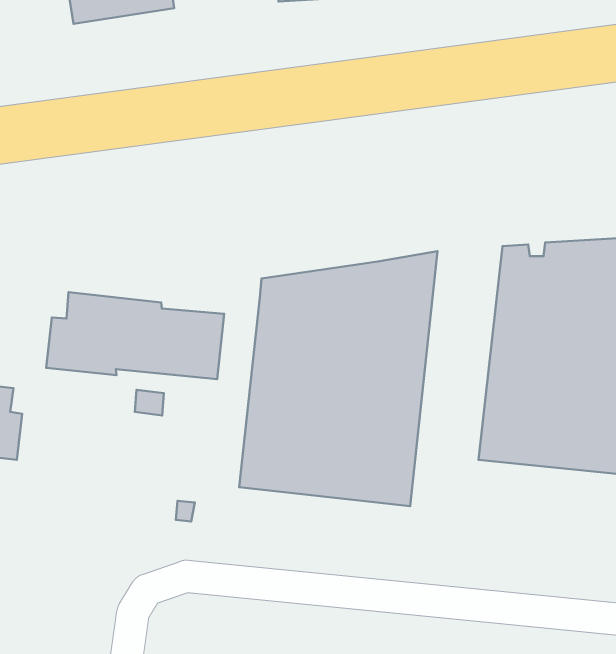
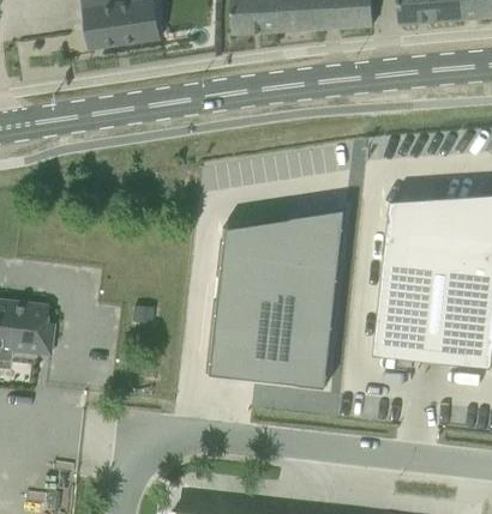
building: [46,292,224,379] -> none

